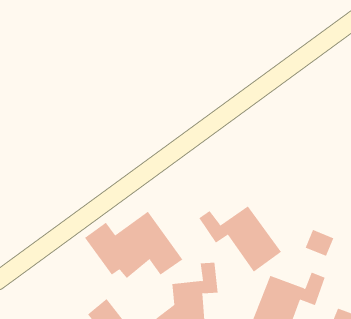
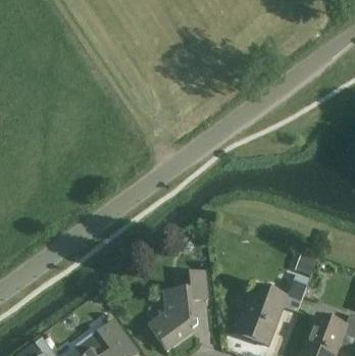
building: [199,205,282,273] -> none
building: [84,211,183,279] -> none

